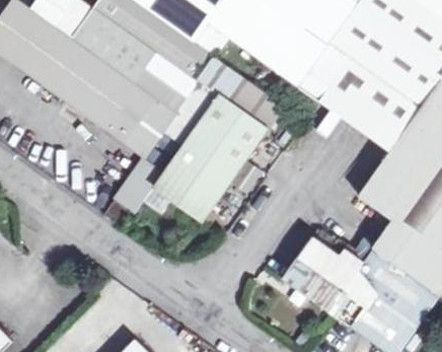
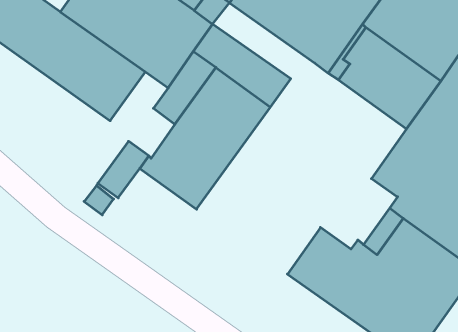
building: [123,98,174,156] -> none

